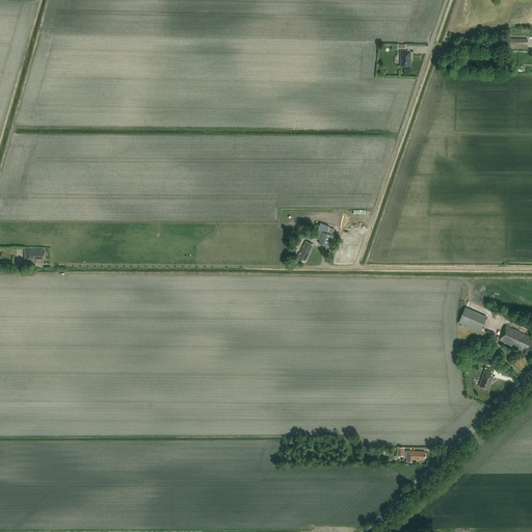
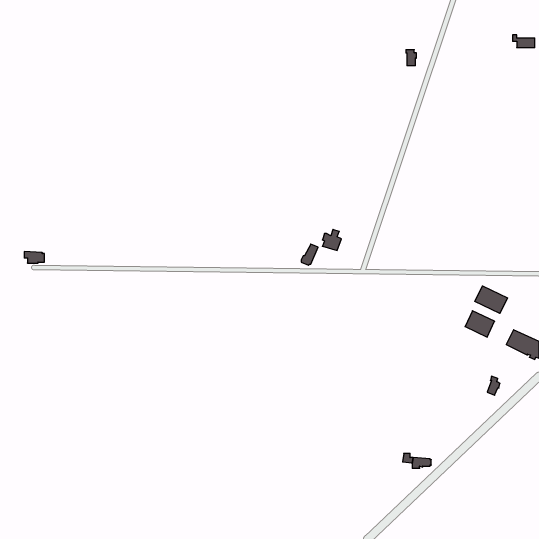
building: none -> [475,286,508,313]

